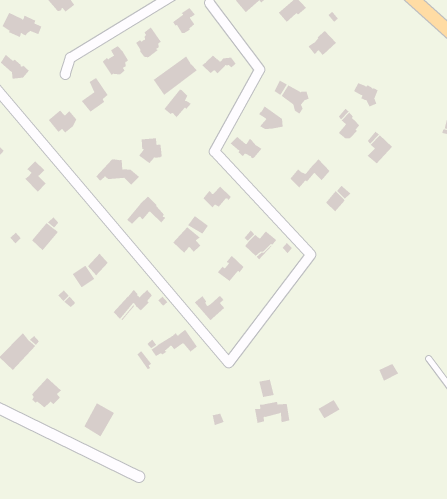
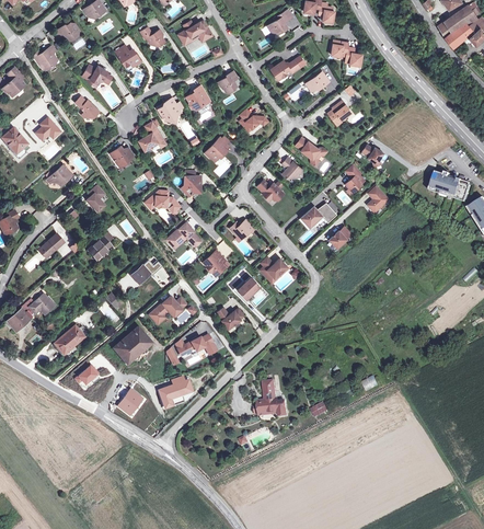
building: [153,56,198,96] -> none
building: none -> [114,326,150,363]
building: none -> [158,376,194,411]

